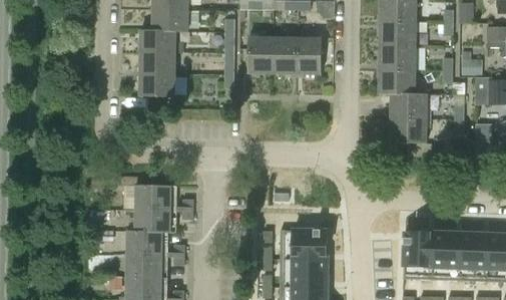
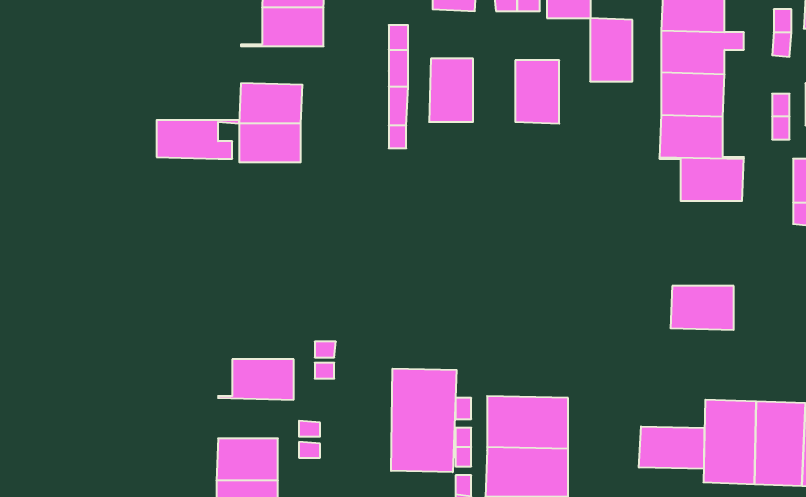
building: [140,30,187,52] -> [157,120,239,159]
building: [273,37,297,73] -> [590,18,632,81]
building: [390,118,426,143] -> [670,286,734,330]
building: [121,177,171,209] -> none
building: none -> [391,369,457,472]
building: [127,231,170,254] -> none
building: none -> [639,426,704,469]

